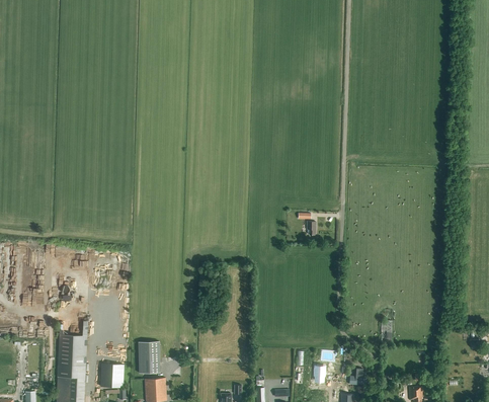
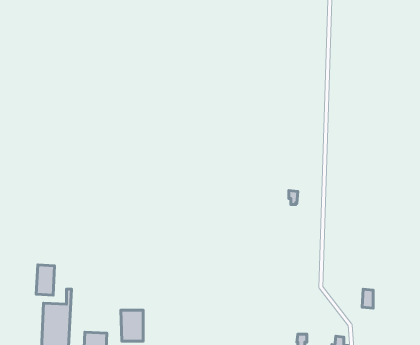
building: none -> [36,265,55,295]

